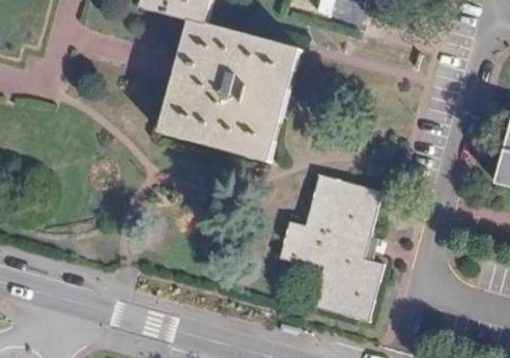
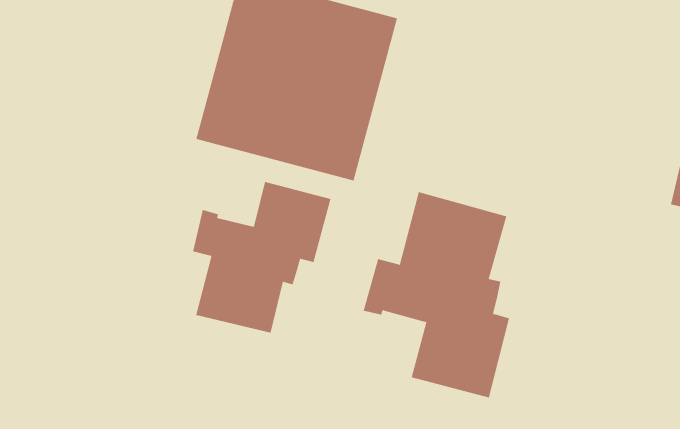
building: none -> [192,181,331,334]

